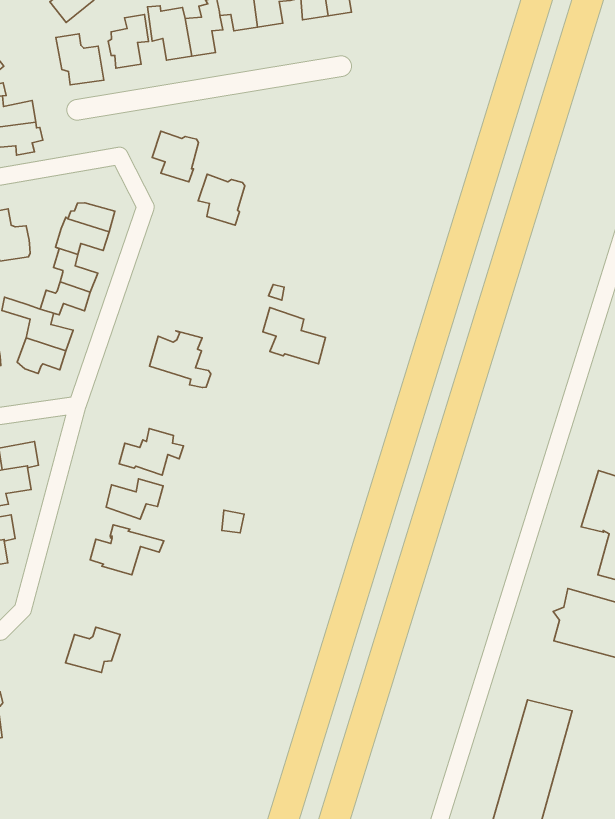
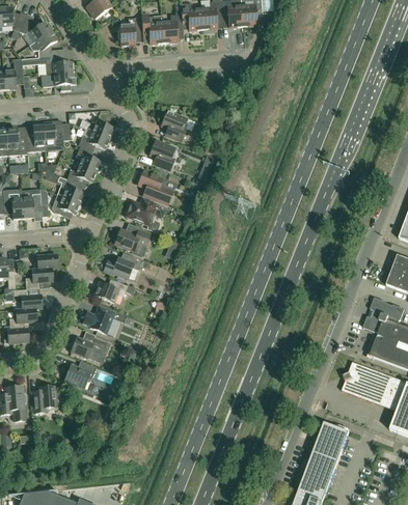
building: [56,34,104,85] -> none
building: [152,131,199,182] -> [149,139,176,169]
building: [263,307,326,364] -> [138,170,173,204]
building: none -> [114,228,151,255]
building: none -> [72,336,111,360]
building: none -> [31,385,58,412]

